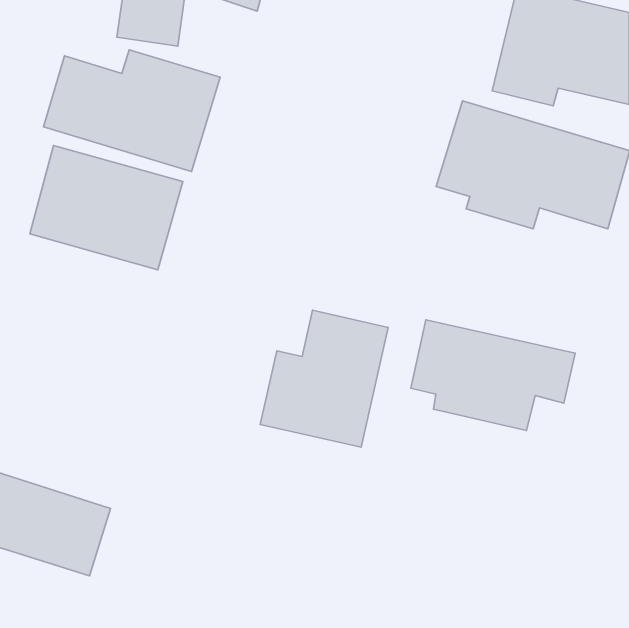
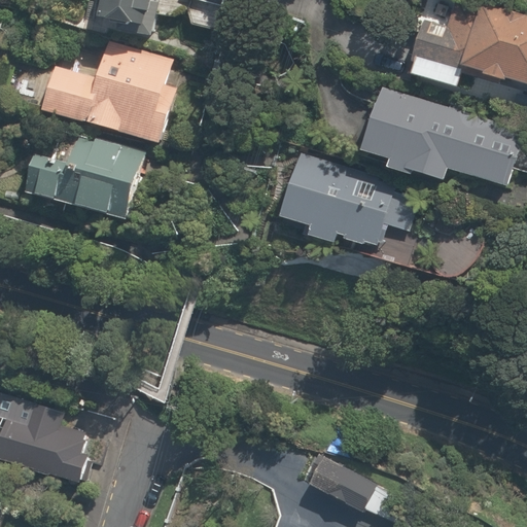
building: [260,310,388,447] -> none
building: [411,320,575,430] -> [282,163,418,254]
building: none -> [298,453,380,514]

